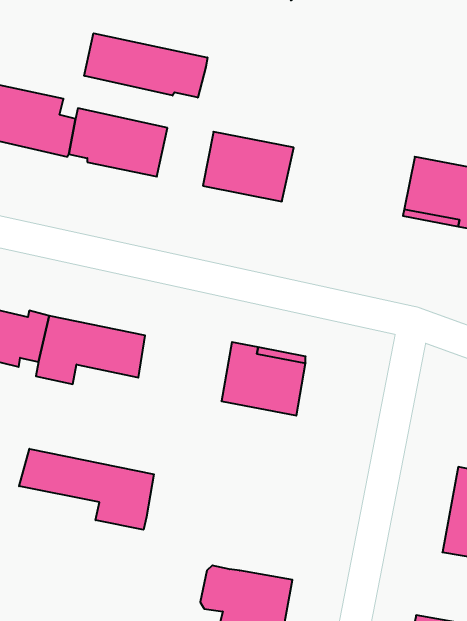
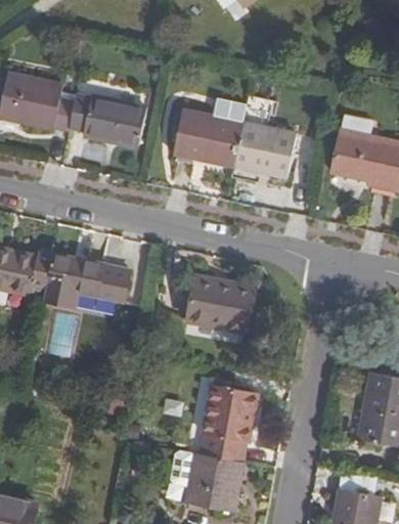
building: [84,33,207,98] -> none
building: none -> [234,124,296,177]
building: [19,449,154,530] -> none
building: none -> [202,385,257,461]

